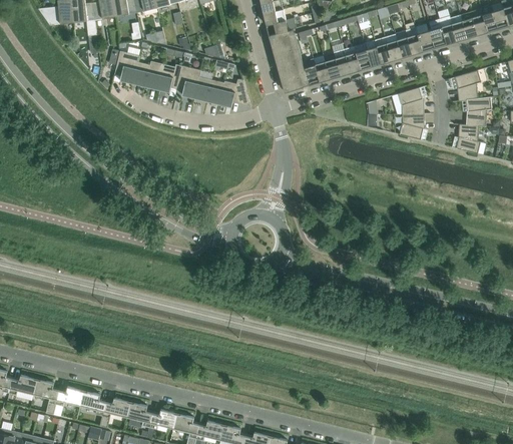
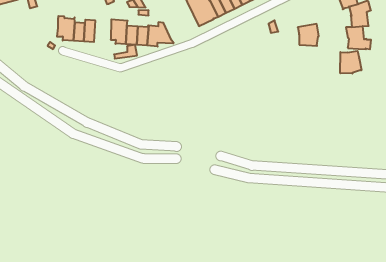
building: [157,64,182,93] -> none
building: [399,88,425,114] -> none
building: none -> [340,51,361,74]

